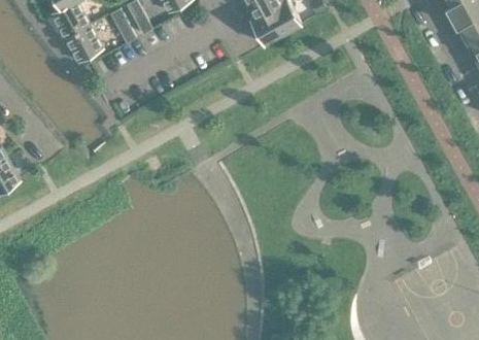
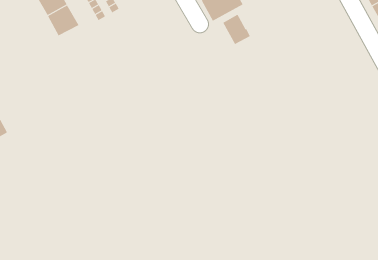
building: none -> [222,14,251,45]

